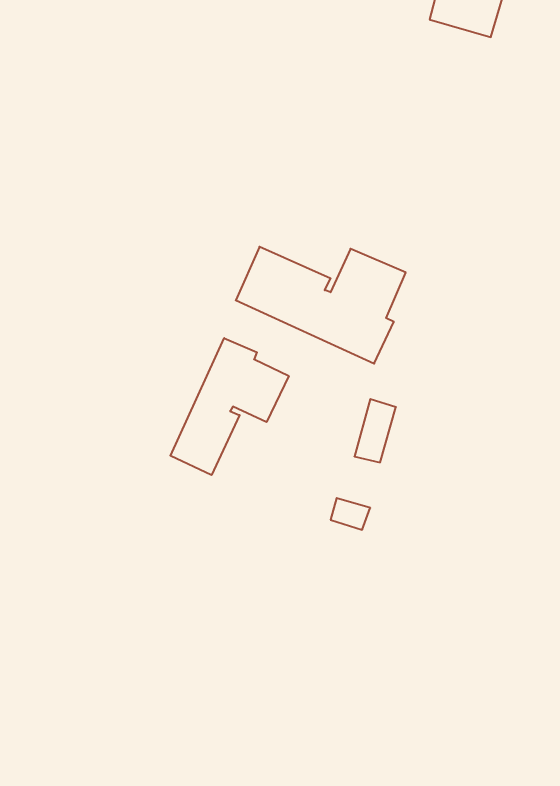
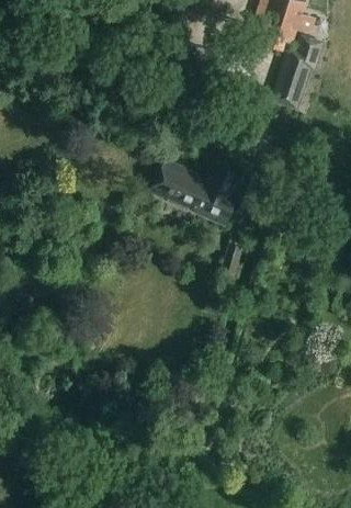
building: none -> [272,34,325,109]
building: [170,338,289,475] -> none

